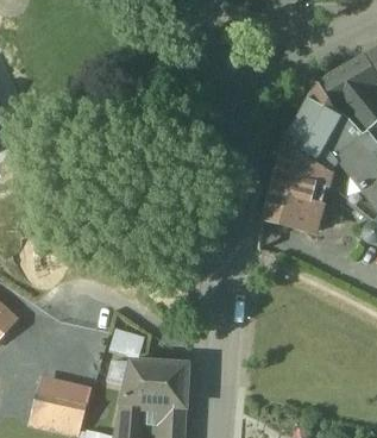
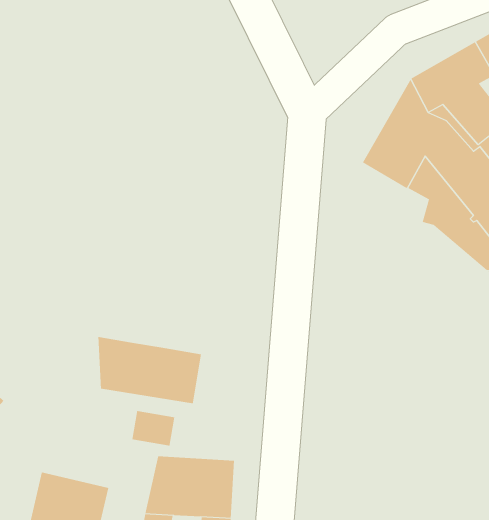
building: [262,144,331,232] -> none
building: none -> [98,336,202,404]

